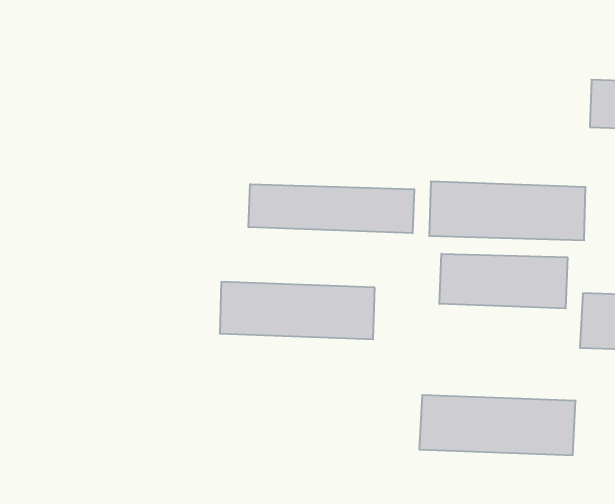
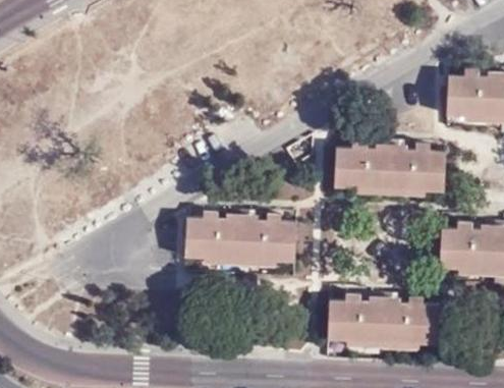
building: [249,184,414,233] -> none
building: [439,254,567,309] -> none

